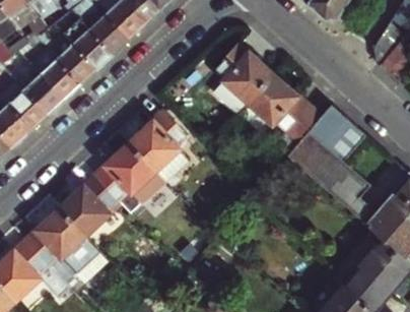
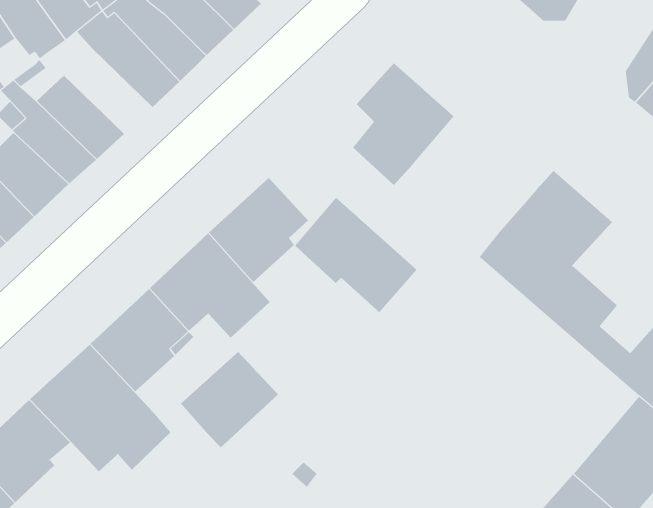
building: [45,34,96,83] -> none
building: [249,73,321,141] -> [294,197,418,313]
building: none -> [180,351,279,448]

